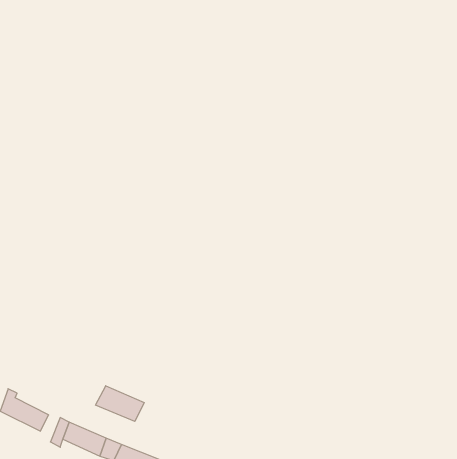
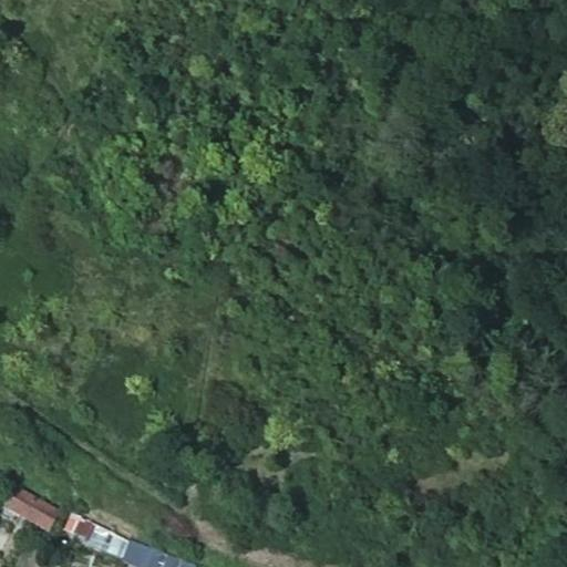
building: [96,386,144,421] -> none

